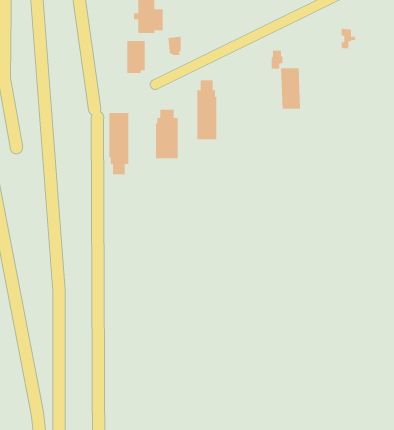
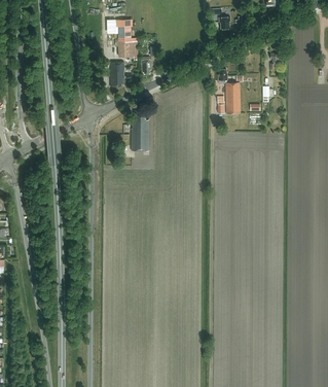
building: [197,79,217,140] -> none
building: [109,112,129,175] -> none

